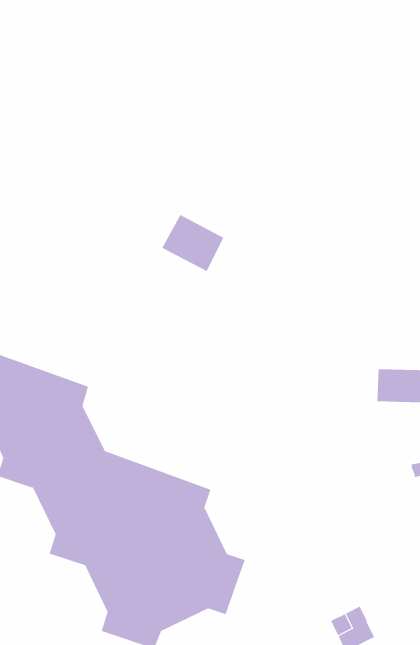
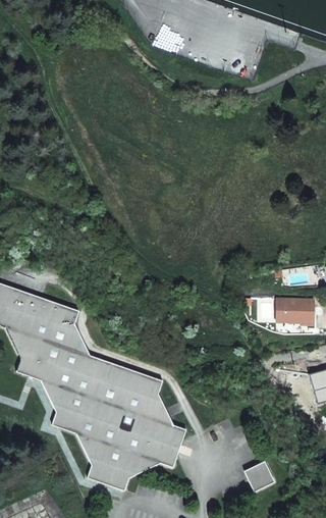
building: [162,214,224,272] -> none

